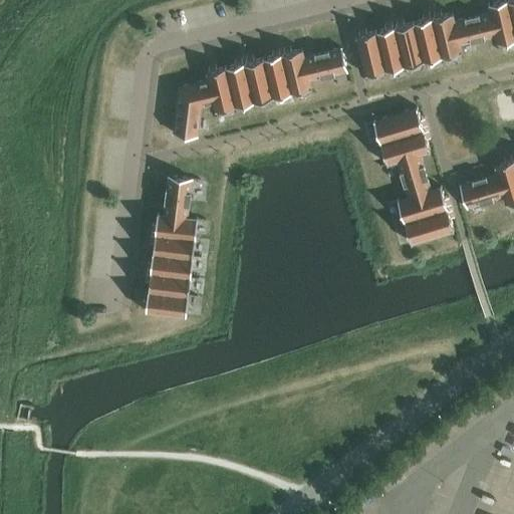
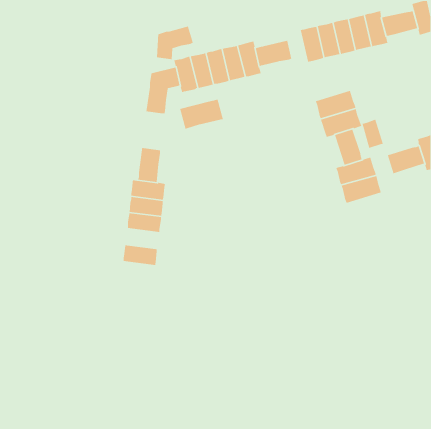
building: none -> [156,25,193,60]
building: none -> [179,99,224,129]
building: none -> [361,119,384,149]
building: [148,275,190,299] -> none

